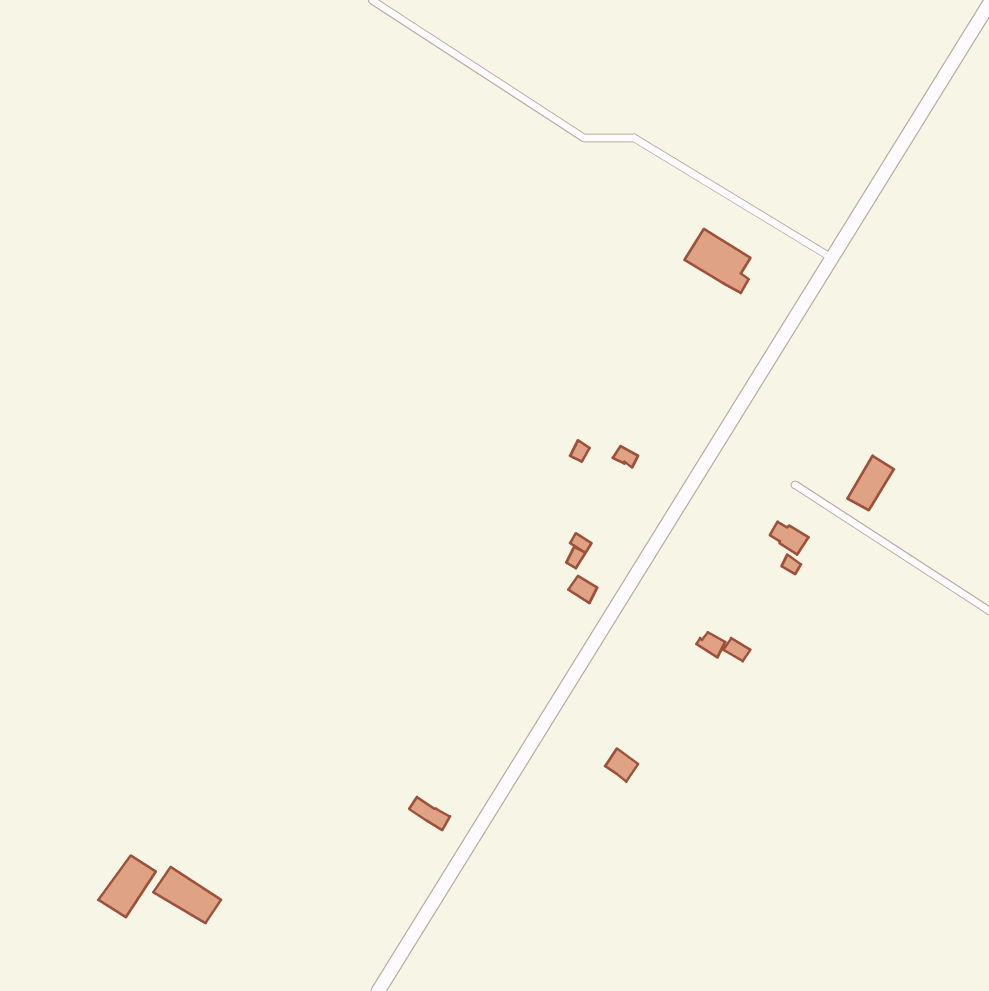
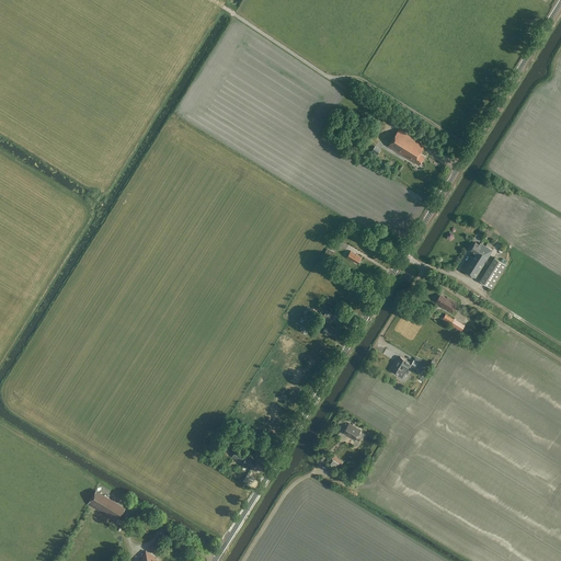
building: none -> [461,242,492,278]
building: [98,856,156,917] -> none

